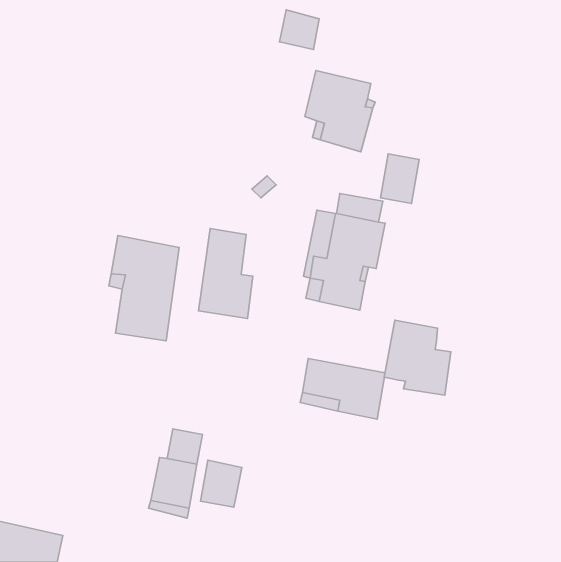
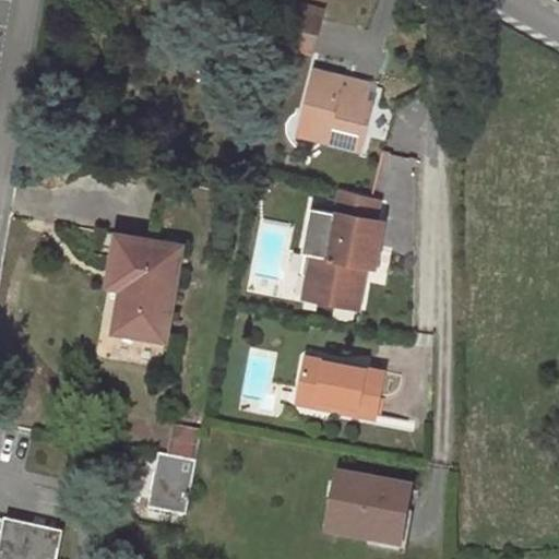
building: [198,228,253,319] -> none
building: [384,320,451,395] -> none
building: [200,460,242,507] -> none
building: none -> [328,476,407,545]

